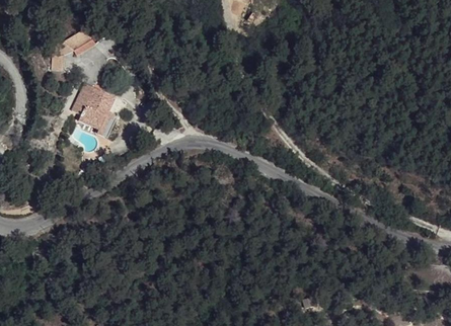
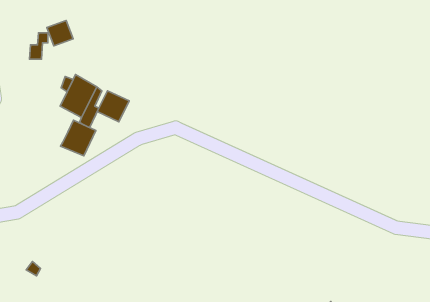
building: none -> [97,91,129,122]
building: none -> [61,120,96,156]

